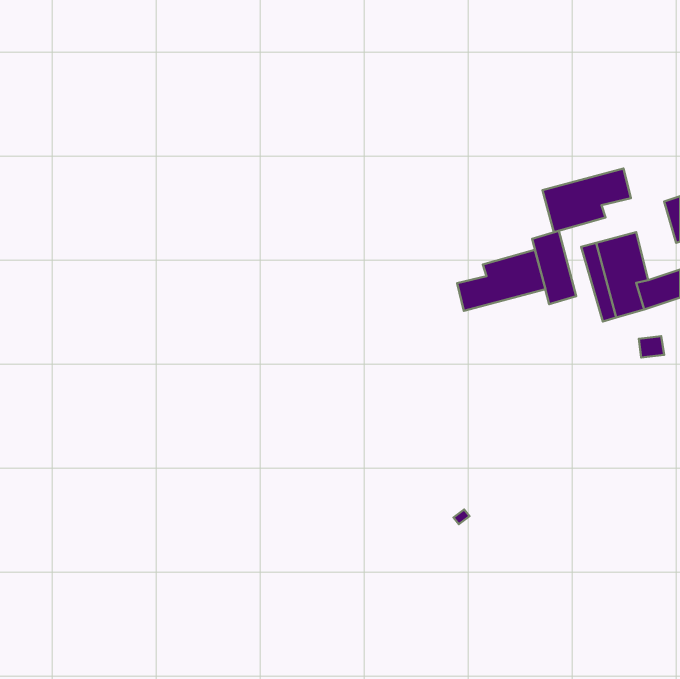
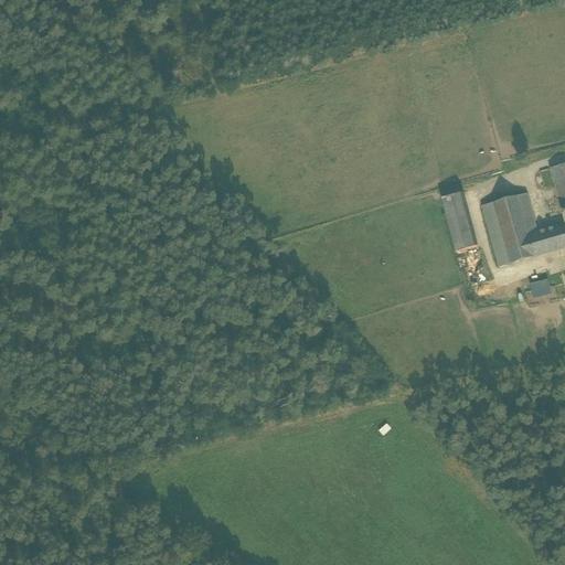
building: [543,168,631,232] -> none
building: [457,250,545,311] -> none

